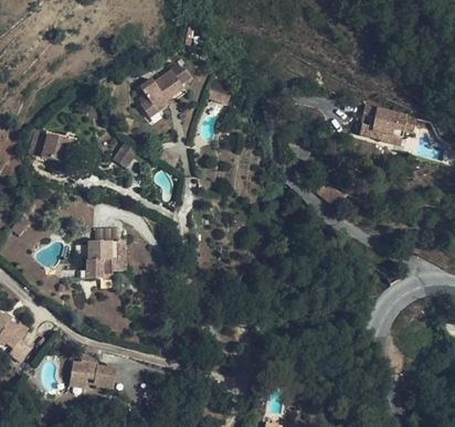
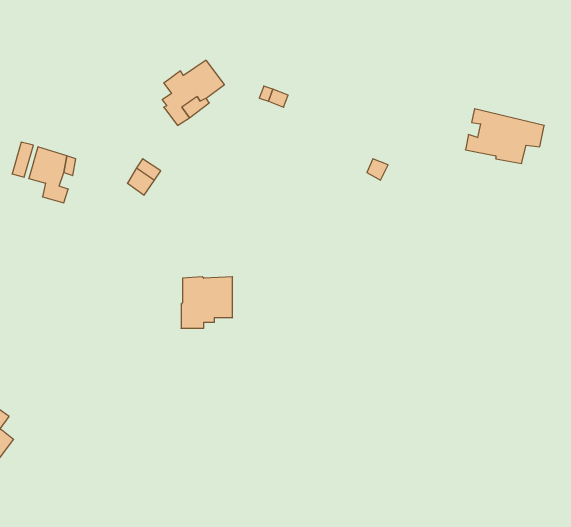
building: [86,241,124,278] -> [181,277,233,328]
building: [70,360,116,386] -> none

